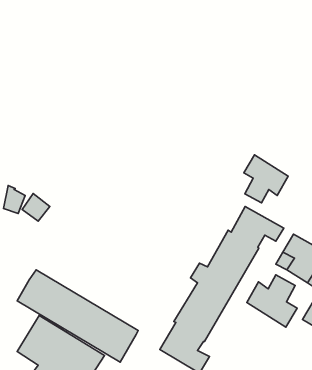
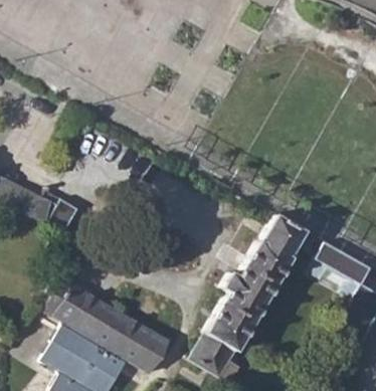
building: [244,155,288,203] -> none
building: [247,275,297,327] -> none

